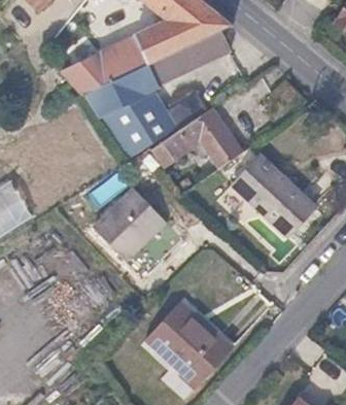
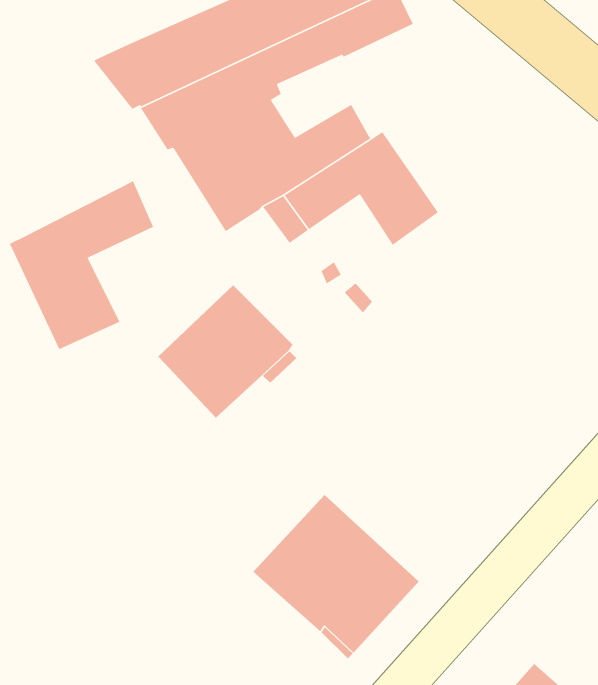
building: none -> [9,180,154,350]
building: [232,154,316,236] -> none

